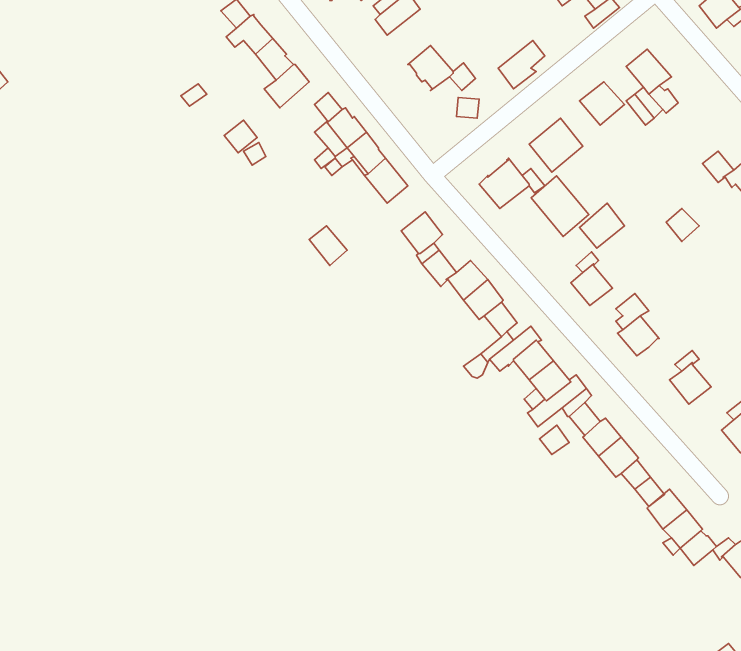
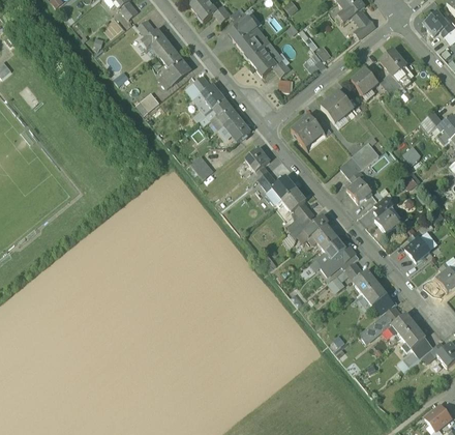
building: none -> [237,26,270,59]
building: [531,176,589,236] -> none

